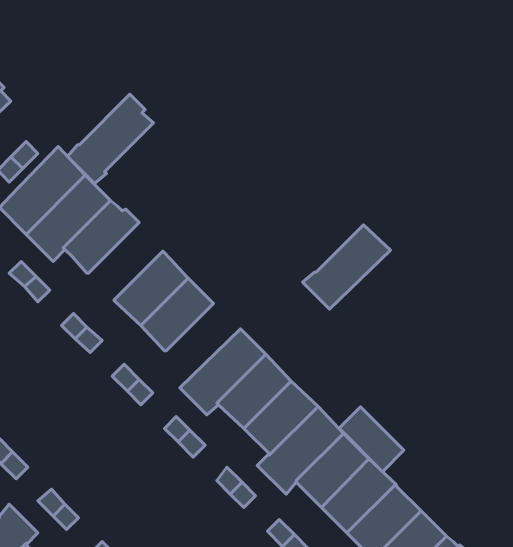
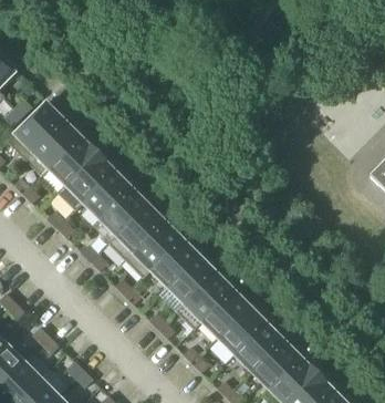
building: [68,94,154,184] -> [64,155,121,214]
building: [303,225,390,309] -> [114,208,171,264]
building: [339,407,404,472] -> none

